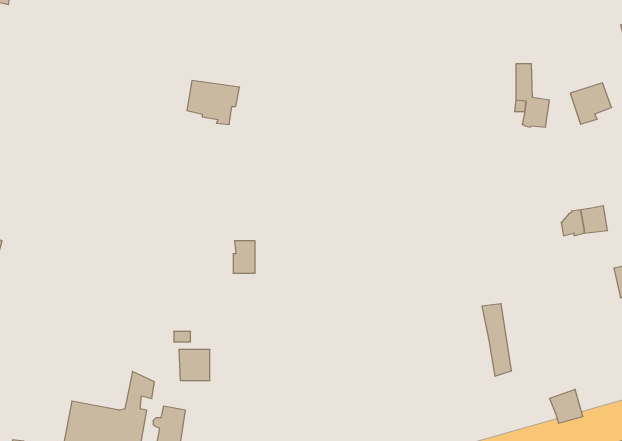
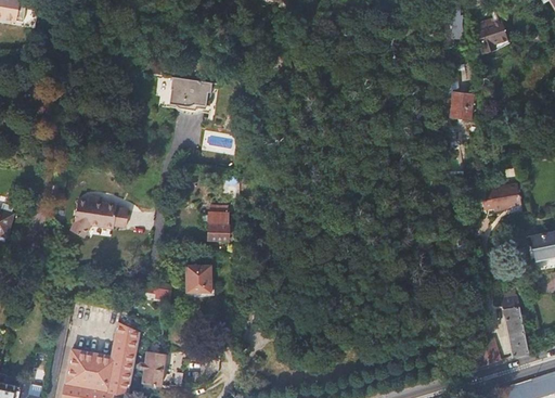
building: [570,83,612,124] -> [474,18,508,53]
building: none -> [70,200,128,236]
building: [482,304,512,376] -> [502,295,527,356]
building: [179,349,210,380] -> [184,266,210,292]

